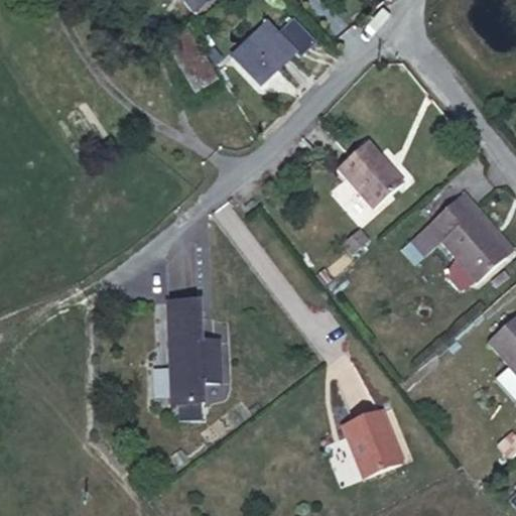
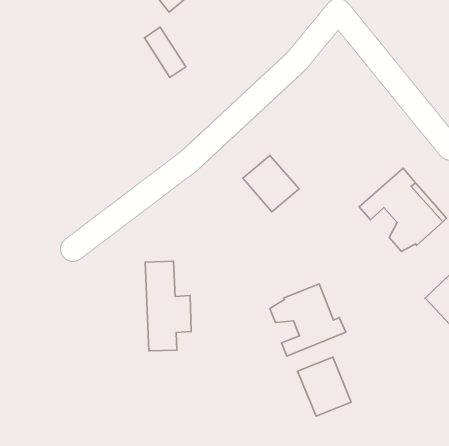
building: [232,17,314,83] -> none
building: [339,142,403,207] -> [243,155,299,212]
building: none -> [270,284,346,356]

